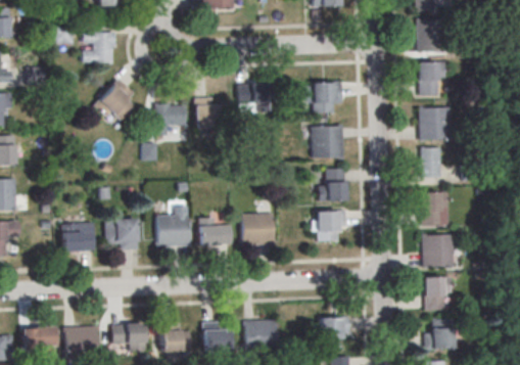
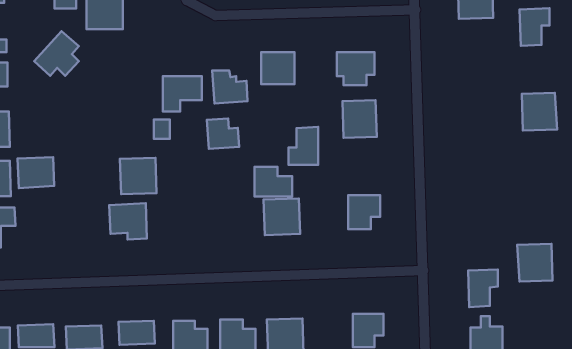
building: [417,61,443,95] -> [520,8,549,46]
building: [94,79,134,119] -> [34,31,79,76]
building: [418,106,450,140] -> [522,93,557,131]
building: none -> [207,118,239,149]
building: [420,147,440,179] -> none
building: [319,168,345,201] -> [289,127,318,165]
building: [421,191,448,224] -> none
building: [156,214,189,246] -> [120,158,157,194]
building: [199,218,233,244] -> [255,167,292,197]
building: [61,224,94,252] -> [18,157,54,188]
building: [422,234,454,268] -> [517,244,553,282]

